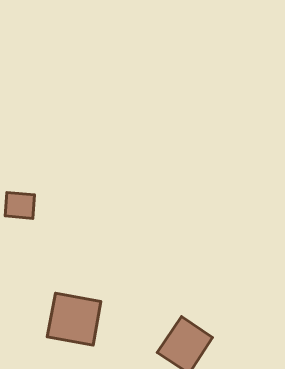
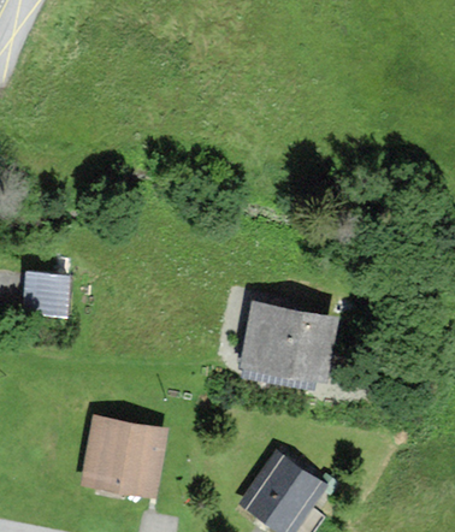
building: none -> [244,307,335,382]

